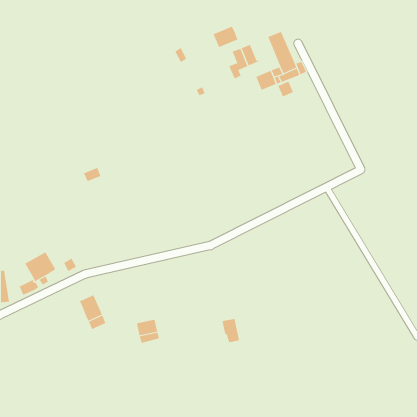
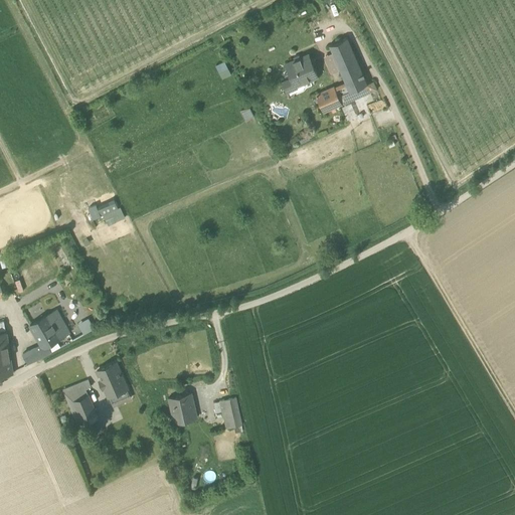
building: [213,26,238,48] -> none
building: none -> [64,381,98,426]
building: [222,319,240,343] -> [219,398,241,428]

